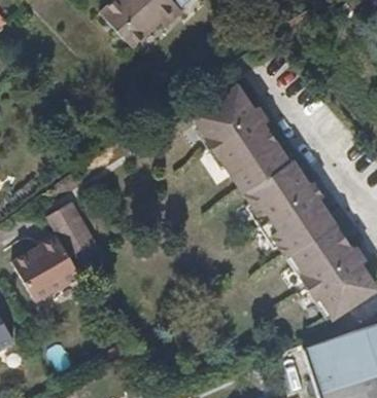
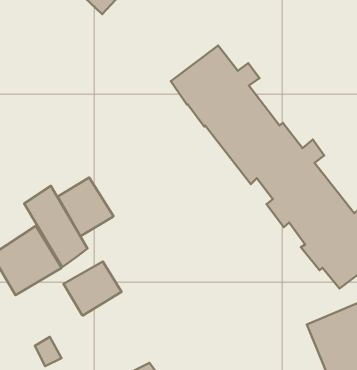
building: none -> [58,177,113,236]
building: none -> [63,262,121,316]

